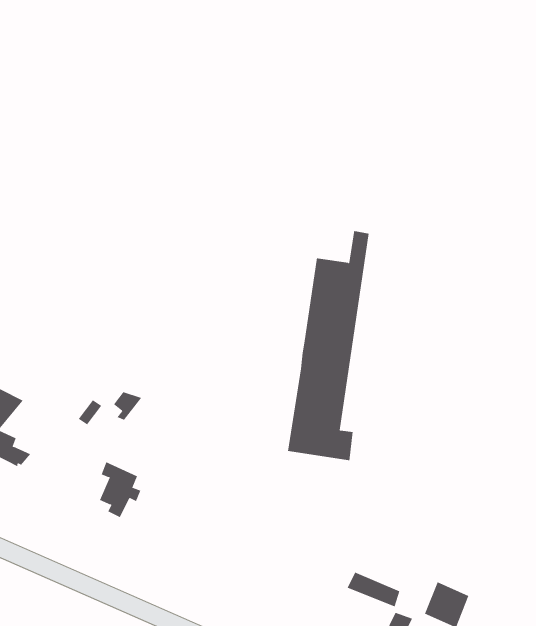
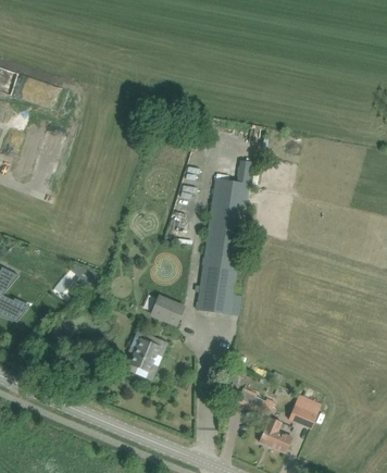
building: none -> [149,295,184,326]
building: [99,462,141,518] -> [130,337,159,375]

